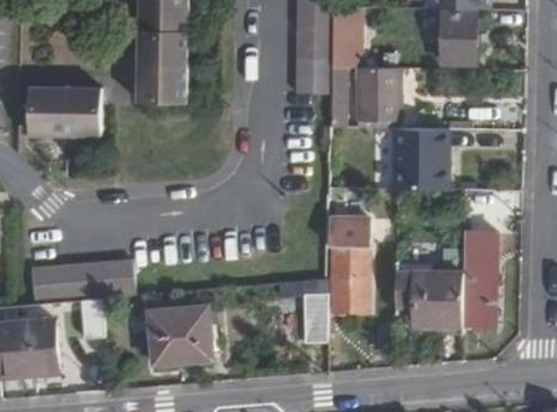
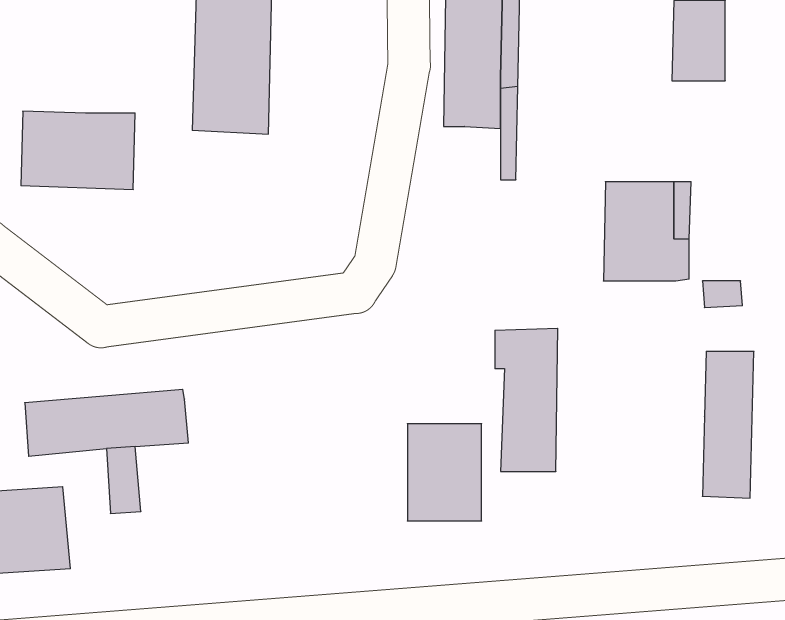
building: [358,68,400,121] -> none
building: [394,274,462,327] -> none
building: [151,306,215,364] -> none

